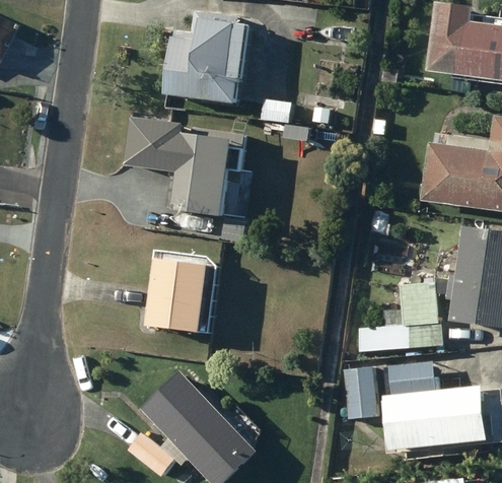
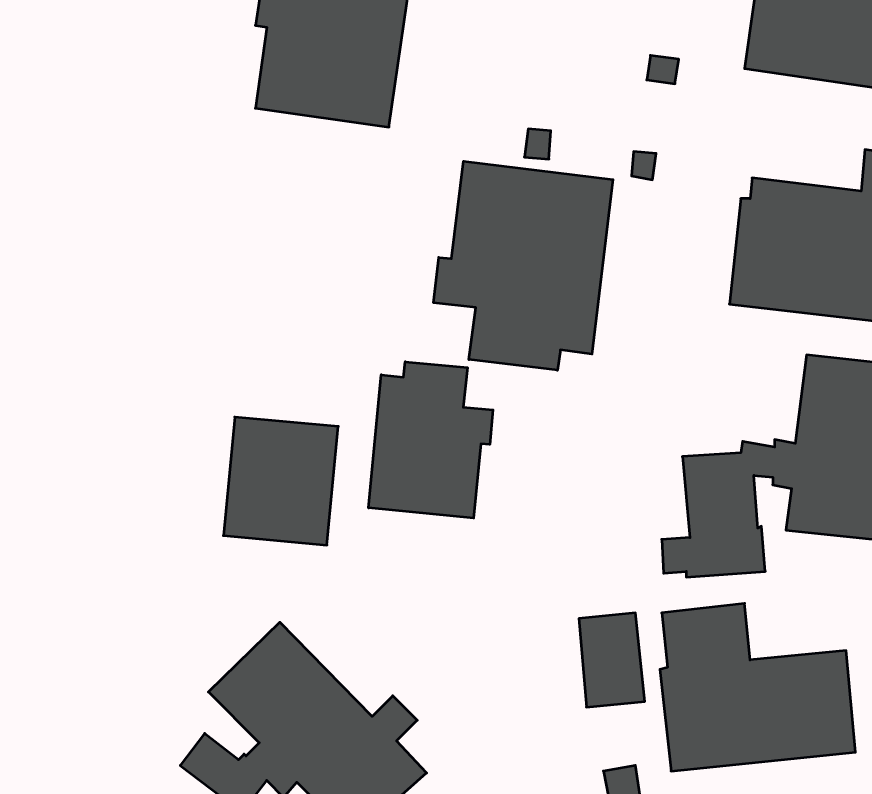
building: none -> [434,161,613,370]
building: [141,126,238,213] -> none
building: none -> [369,362,493,518]

